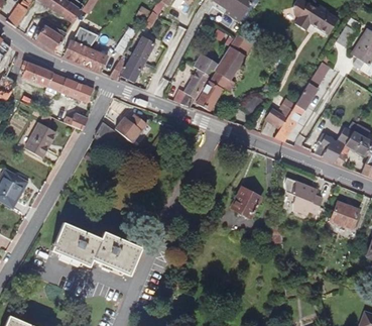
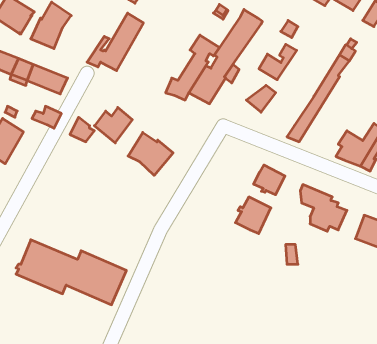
building: [82,47,107,73] -> none
building: [264,99,295,128] -> [259,44,297,80]
building: none -> [128,132,173,175]
building: none -> [254,165,285,195]

